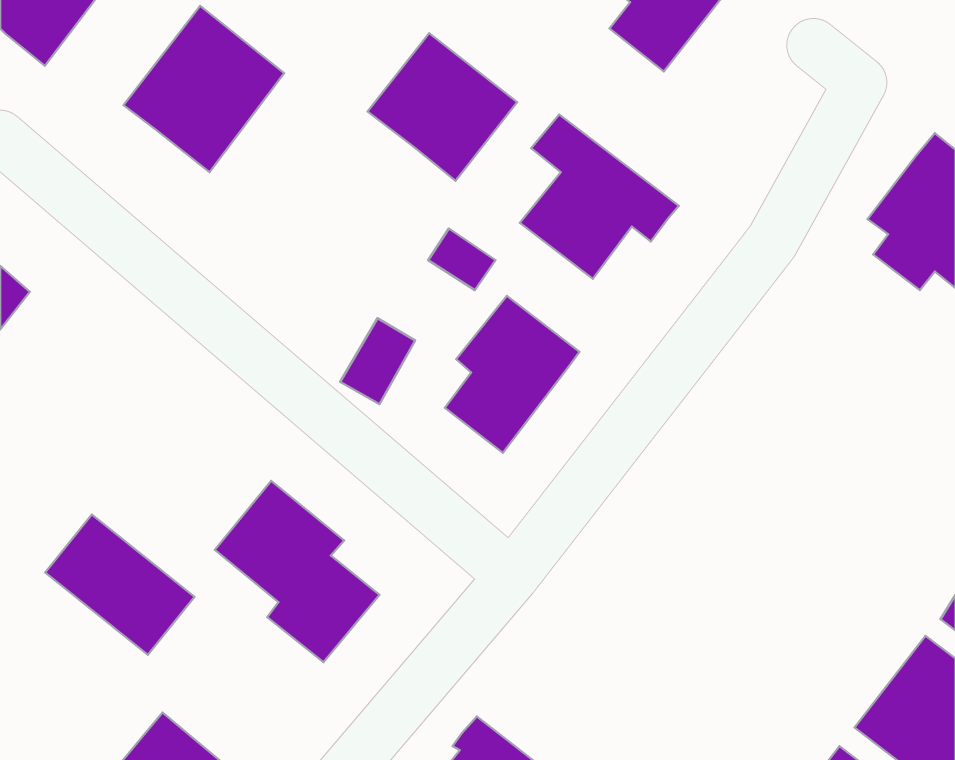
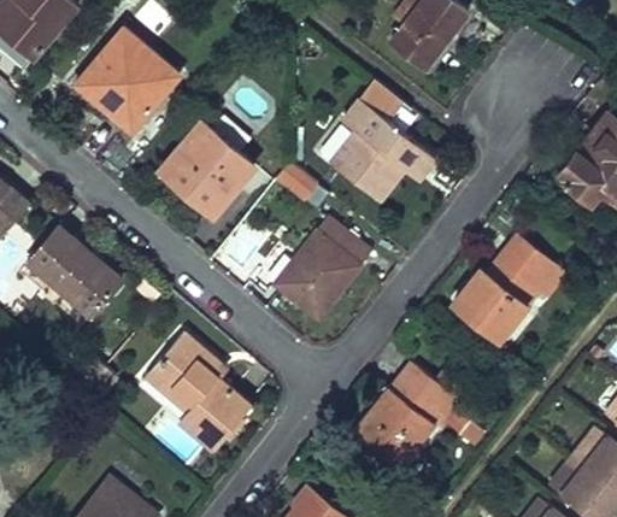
building: [368,33,517,181] -> [164,121,260,216]
building: none -> [448,236,562,337]
building: [45,515,195,655] -> [17,233,113,323]
building: none -> [347,360,469,468]

